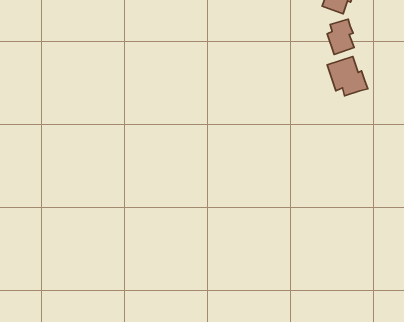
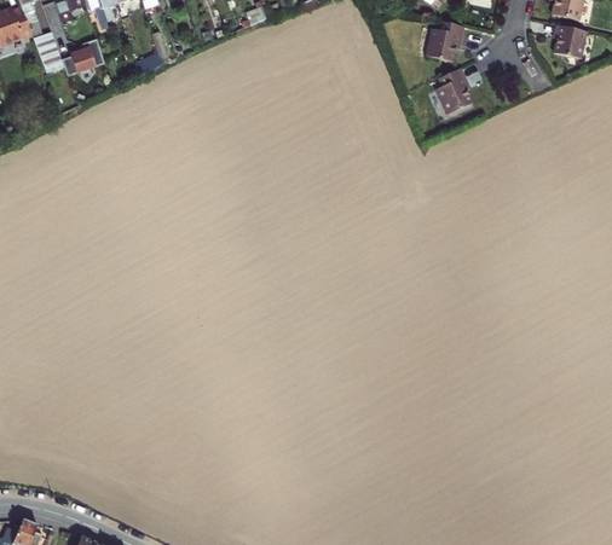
building: [327,57,368,96] -> none

